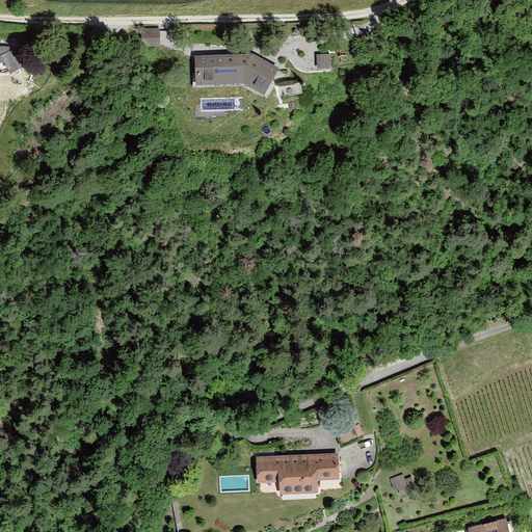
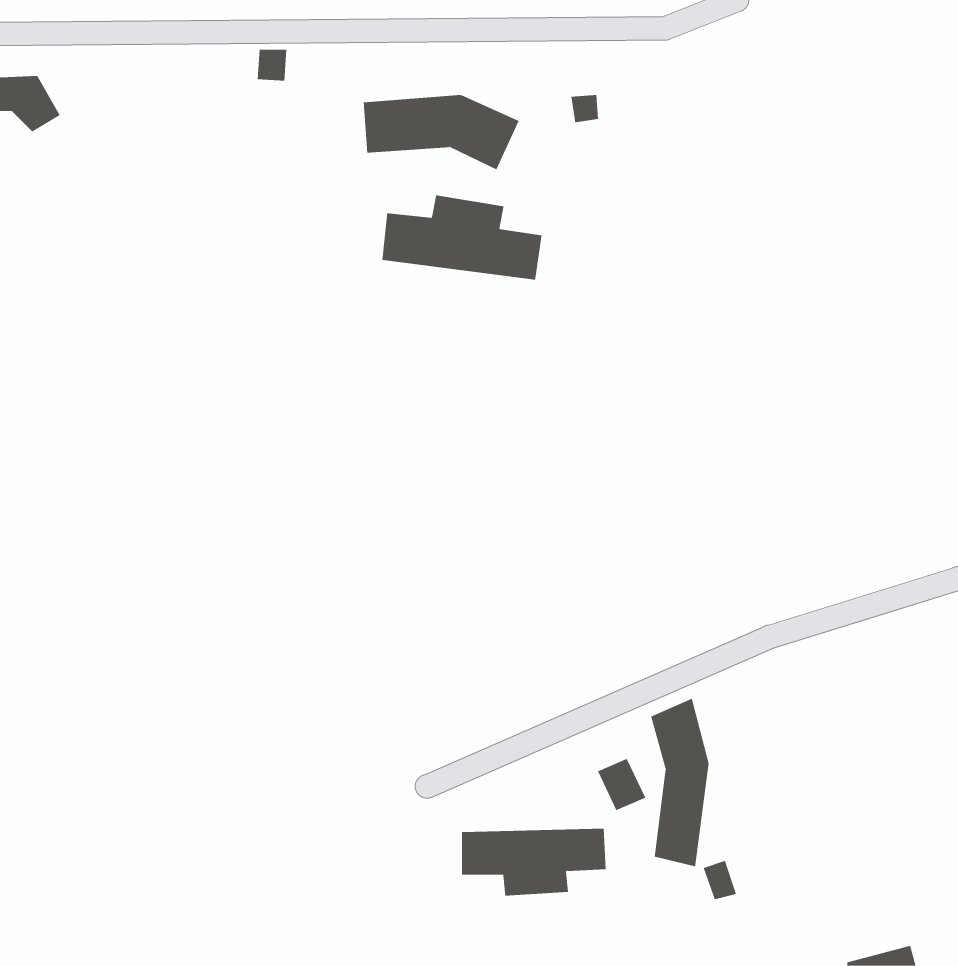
building: none -> [382,194,542,281]
building: none -> [651,698,709,867]

